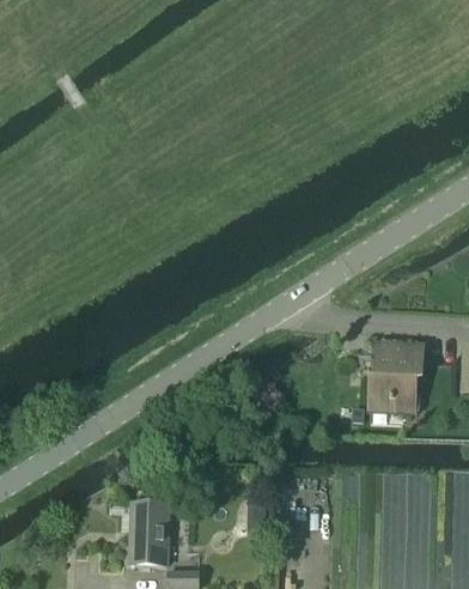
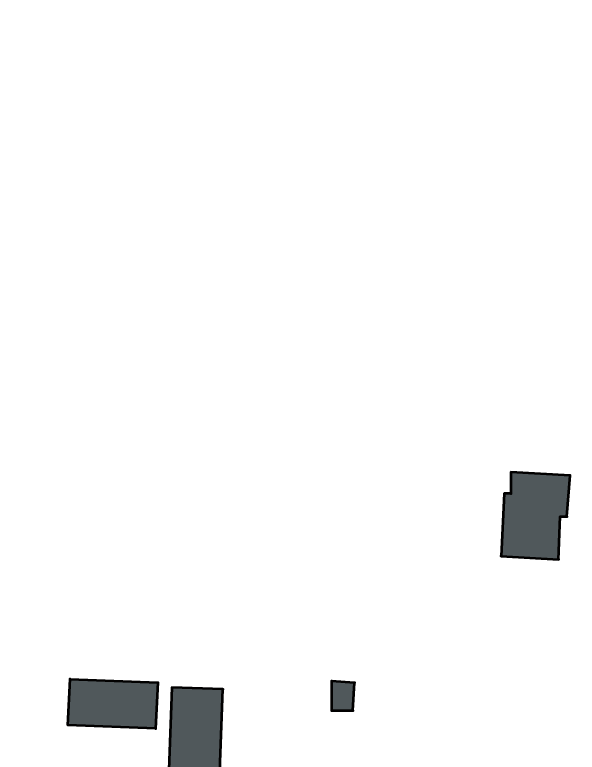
building: none -> [68,679,158,729]

